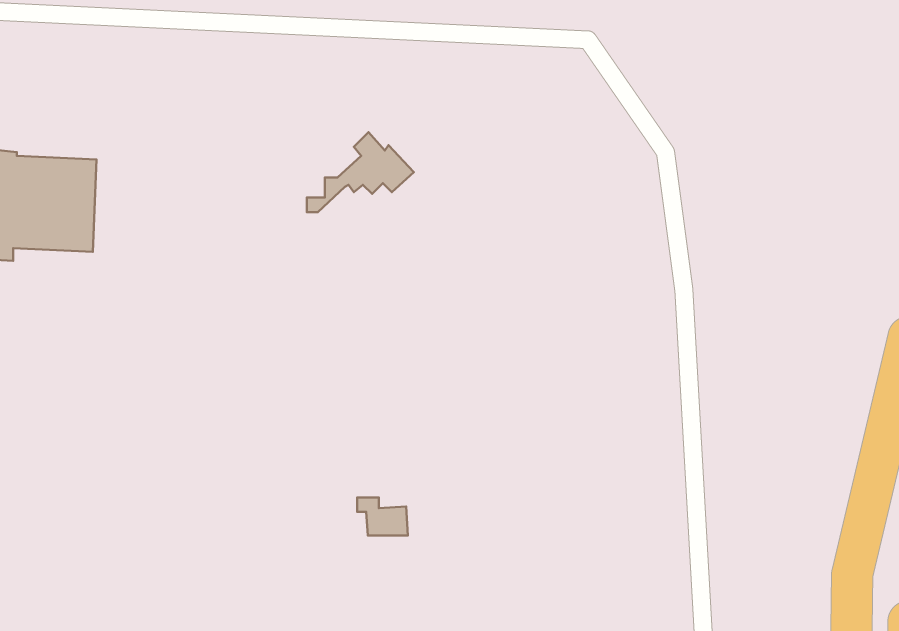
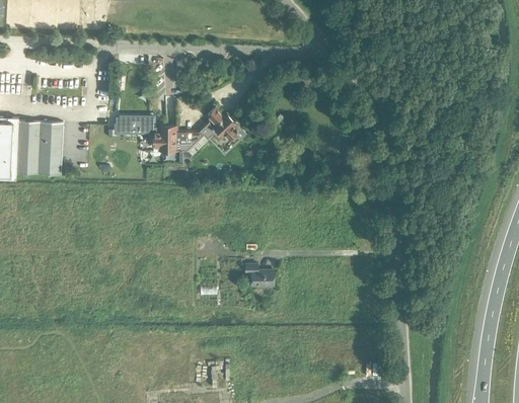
building: none -> [115,116,191,163]
building: [357,497,408,535] -> [245,264,274,286]

